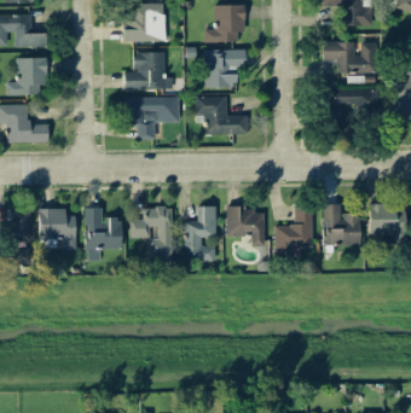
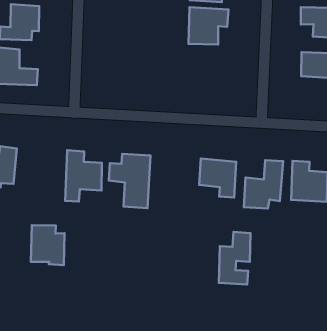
building: [123,52,173,91] -> none
building: [196,95,247,135] -> none
building: [125,97,180,139] -> none
building: [184,205,216,260] -> [219,232,250,285]
building: [40,208,76,249] -> [31,225,65,265]

